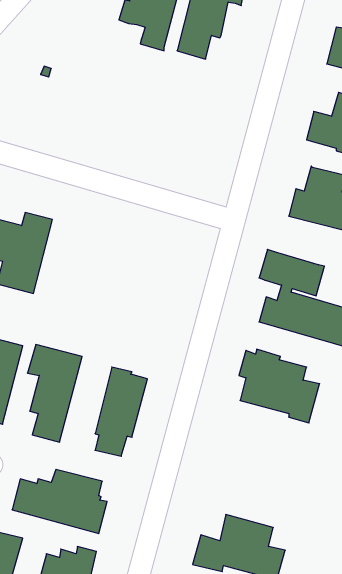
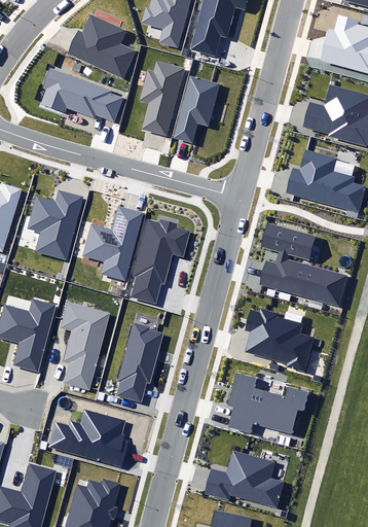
building: none -> [66,14,135,79]
building: none -> [139,62,184,137]
building: none -> [41,67,122,121]
building: none -> [173,76,220,143]
building: none -> [80,207,141,280]
building: none -> [130,219,189,304]
building: none -> [227,373,309,434]

